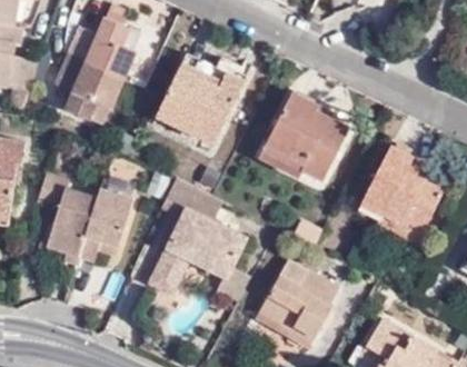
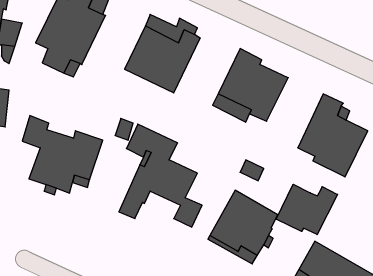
building: none -> [276,184,338,235]

